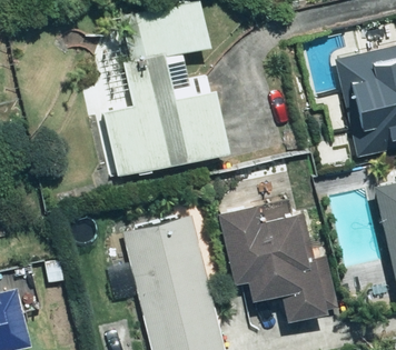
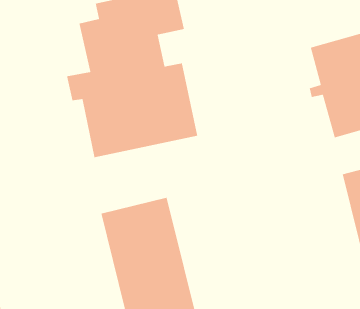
building: [216,207,323,322] -> none

